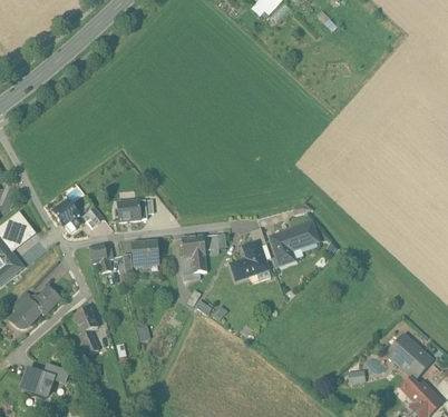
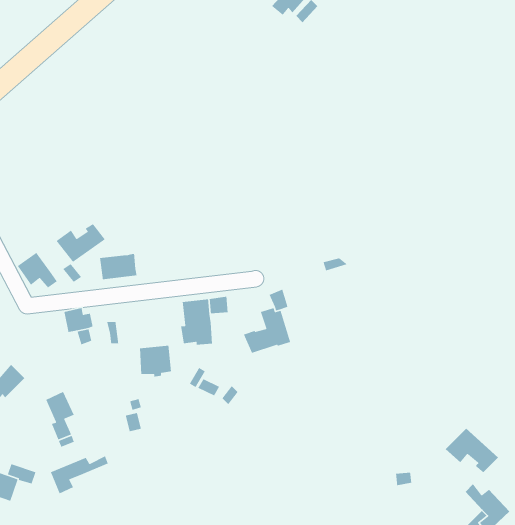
building: none -> [56,223,106,263]
building: [271,222,318,264] -> none
building: [133,241,158,267] -> [139,345,172,378]
building: none -> [50,455,109,494]

